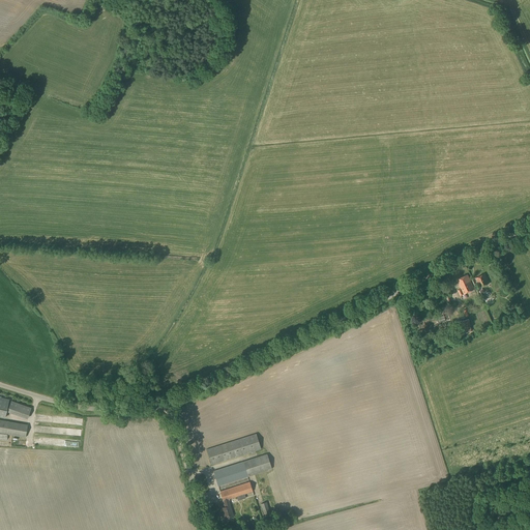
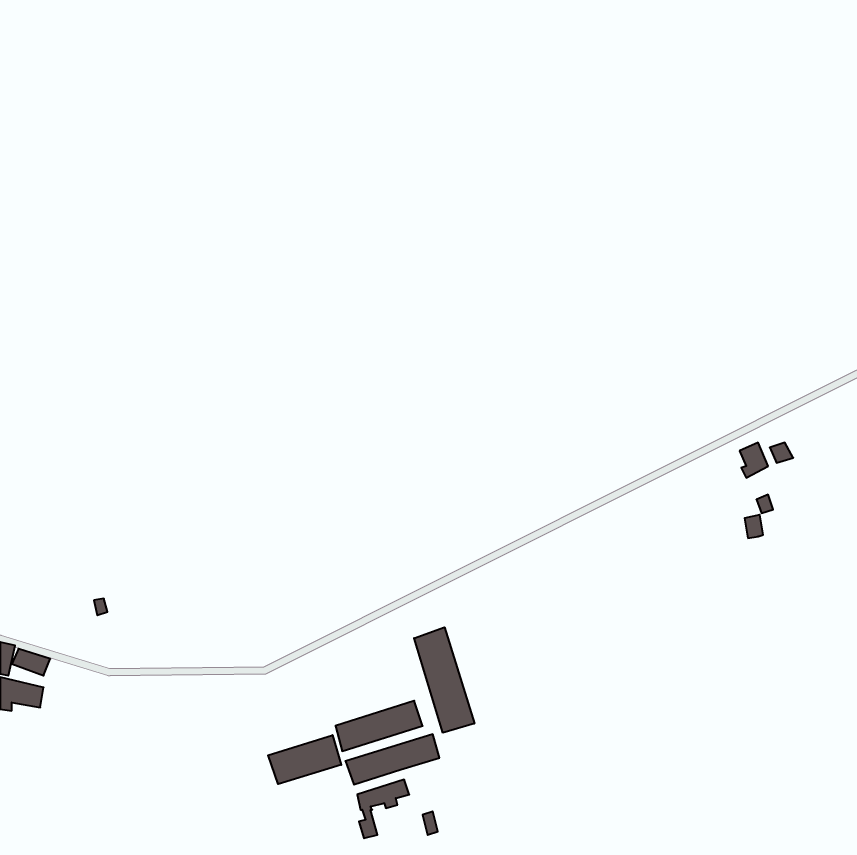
building: none -> [414,627,474,733]
building: none -> [268,735,341,784]

